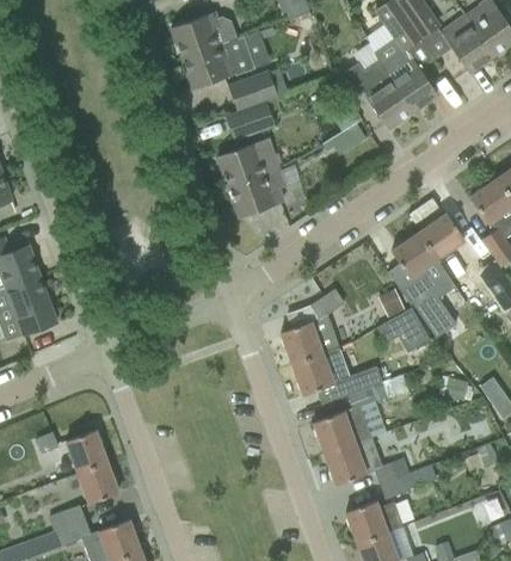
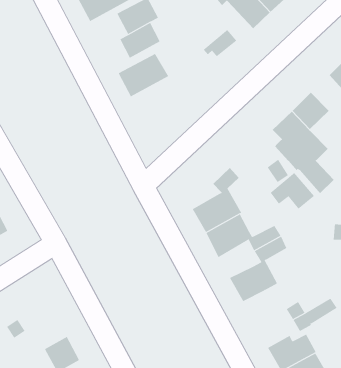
building: [228,169,284,218] -> none
building: [66,431,107,473] -> none
building: [325,444,365,485] -> none

